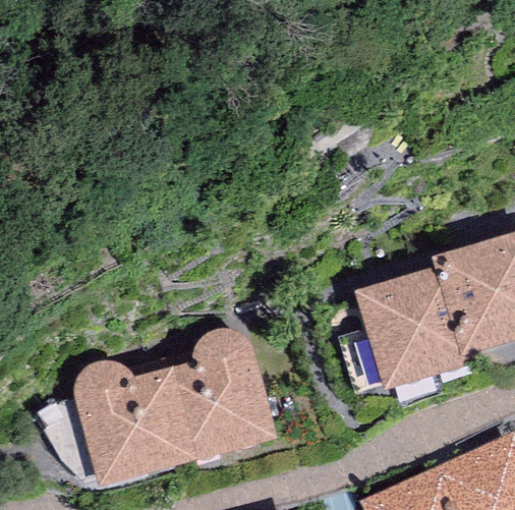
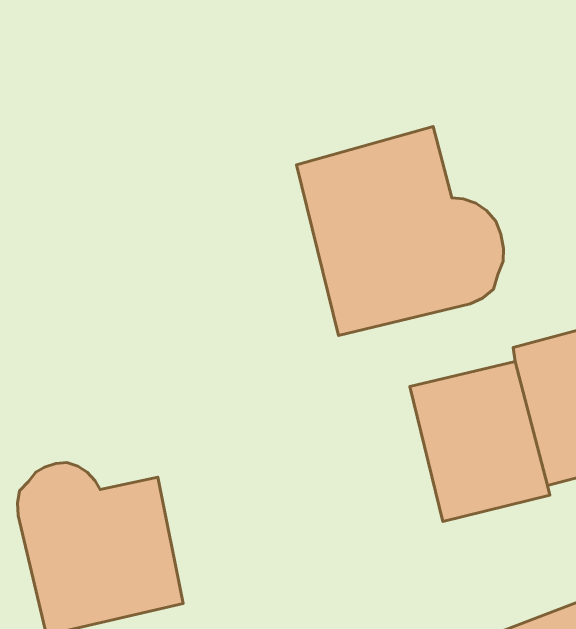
building: none -> [297,126,503,335]
building: [174,330,275,460] -> none

